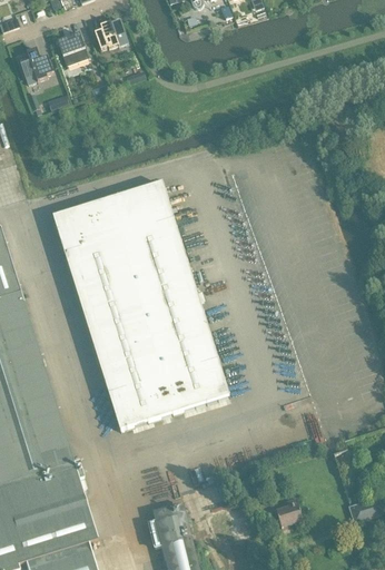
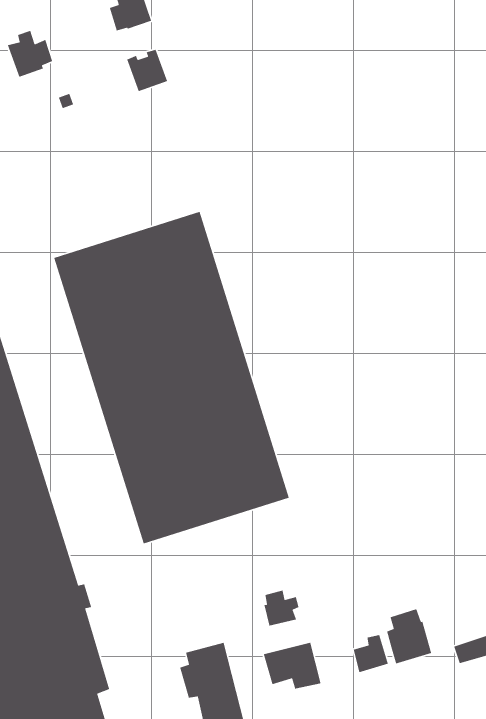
building: [57,31,88,63] -> [126,49,168,92]
building: none -> [263,590,299,627]
building: none -> [386,608,432,664]

